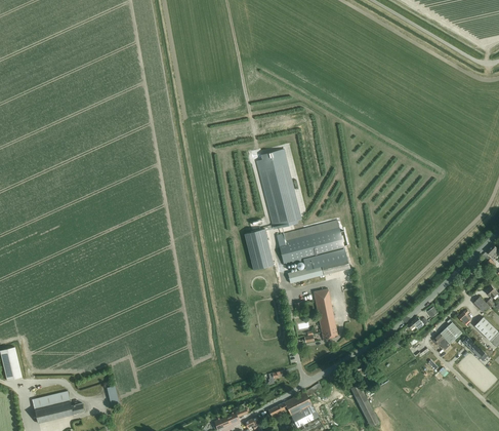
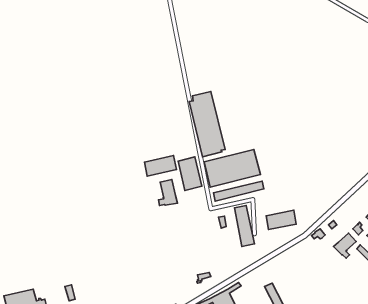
building: none -> [144,155,176,176]
building: none -> [158,179,177,205]
building: none -> [266,210,296,230]

